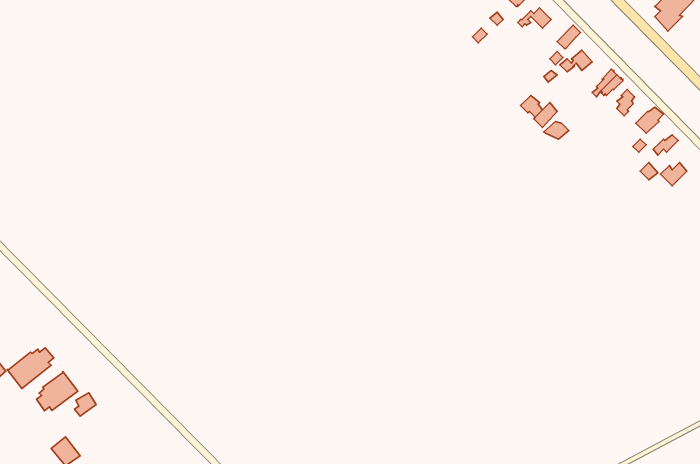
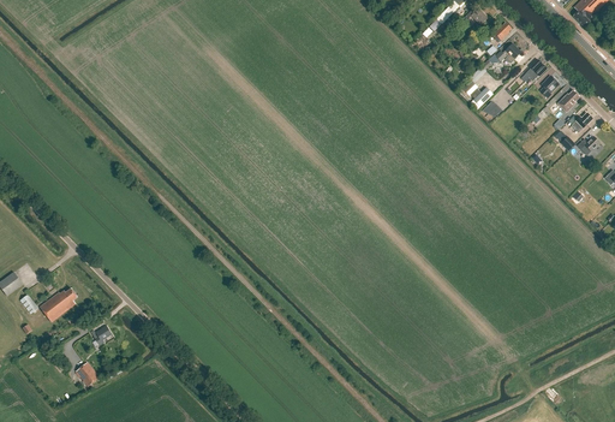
building: [37,372,78,411] -> none

